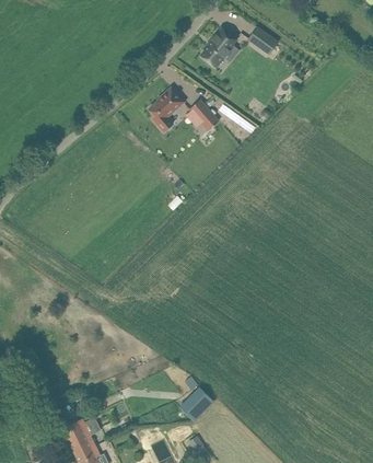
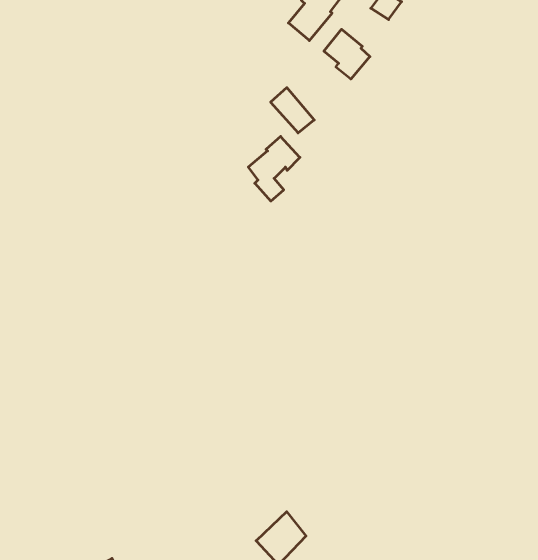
building: none -> [324,29,370,79]
building: [149,88,184,131] -> [248,136,300,201]

